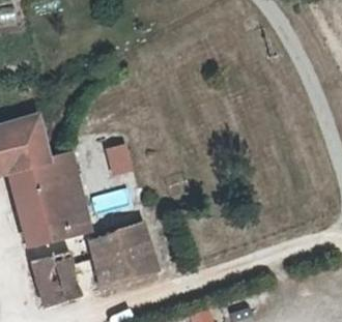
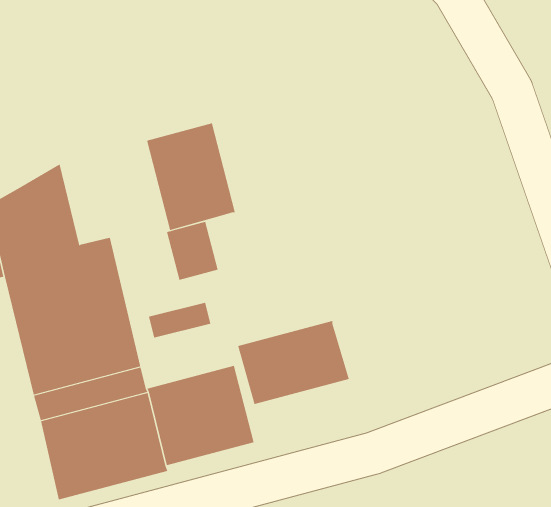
building: none -> [146,122,236,231]
building: none -> [238,320,349,405]

